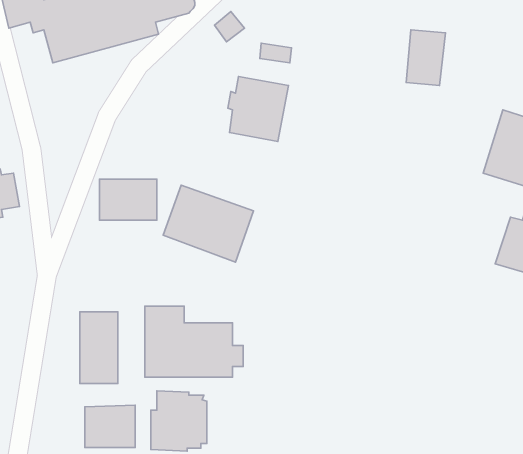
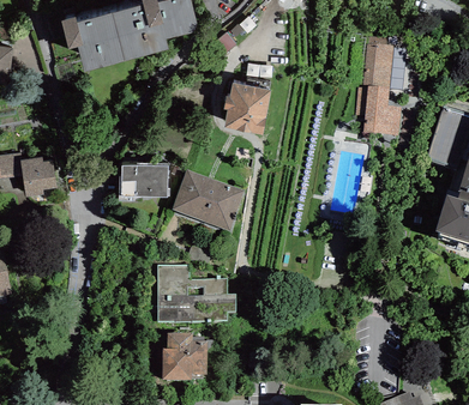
building: none -> [356,89,403,141]
building: [80,312,118,383] -> none
building: [85,405,135,447] -> none

